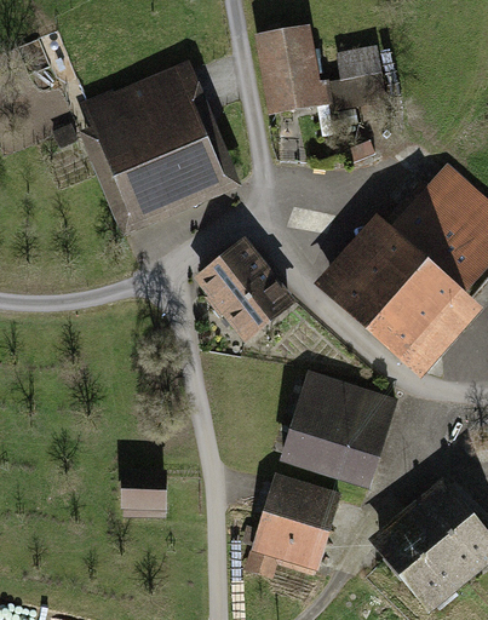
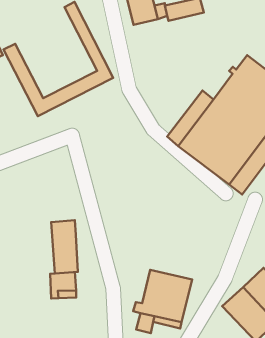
building: [88,73,218,207] -> none
building: [201,242,289,333] -> none
building: [283,373,395,477] -> none
building: none -> [51,220,78,273]

